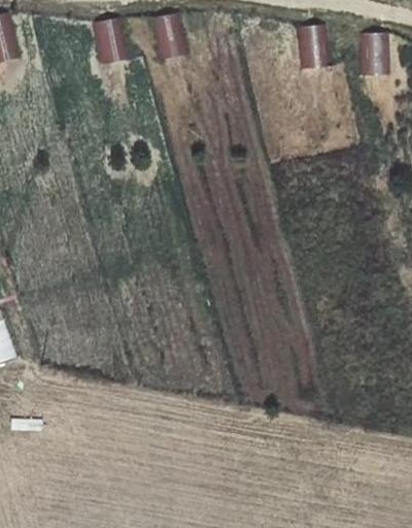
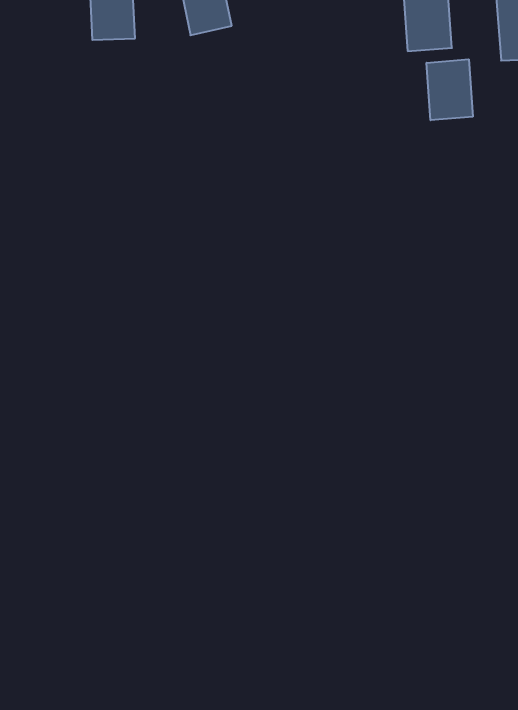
building: none -> [427,59,473,120]

